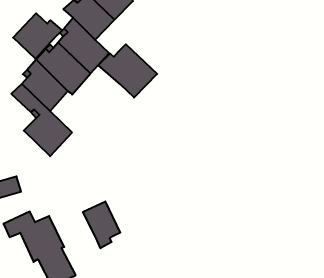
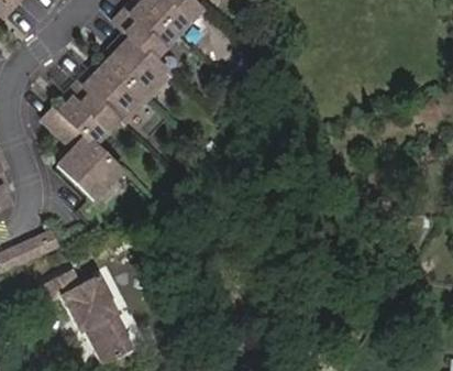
building: [13,13,62,59] -> none
building: [98,44,157,98] -> none
building: [83,201,120,248] -> none

